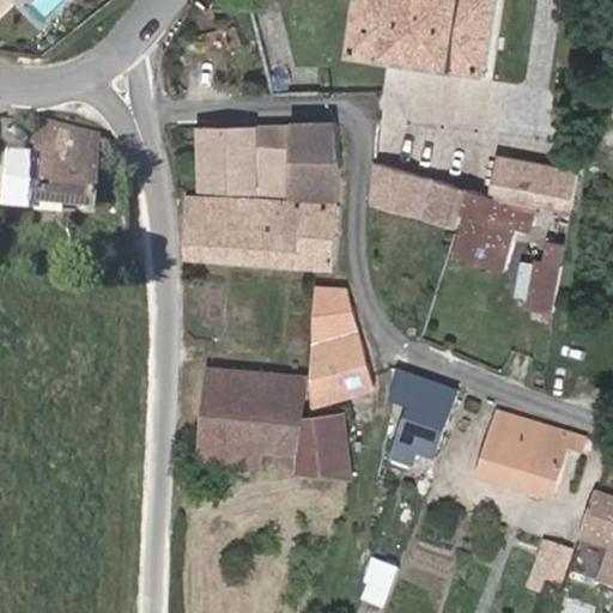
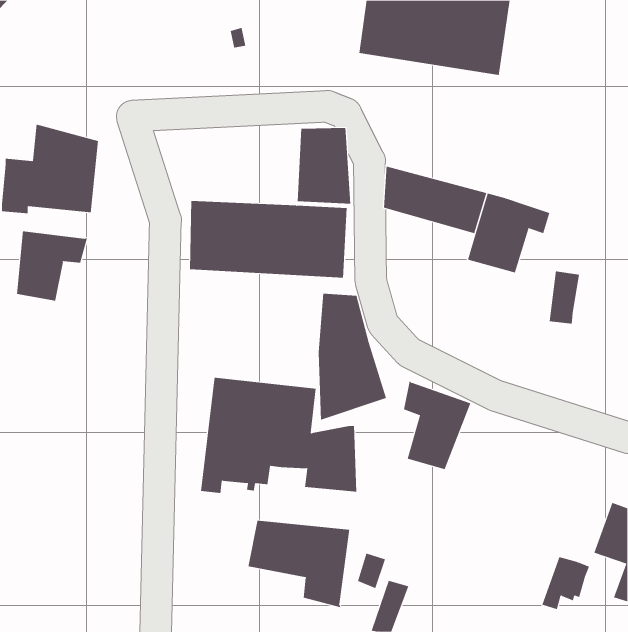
building: [195,125,291,195] -> none
building: [490,153,573,216] -> none
building: none -> [16,230,88,301]
building: [475,407,582,496] -> none
building: none -> [248,520,350,608]

